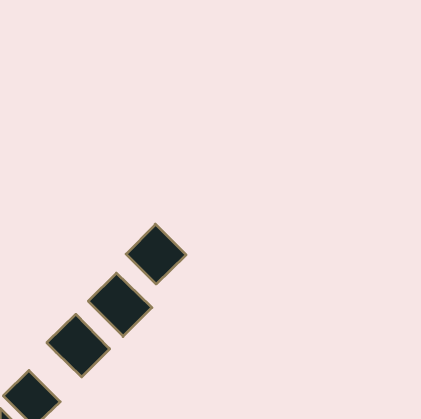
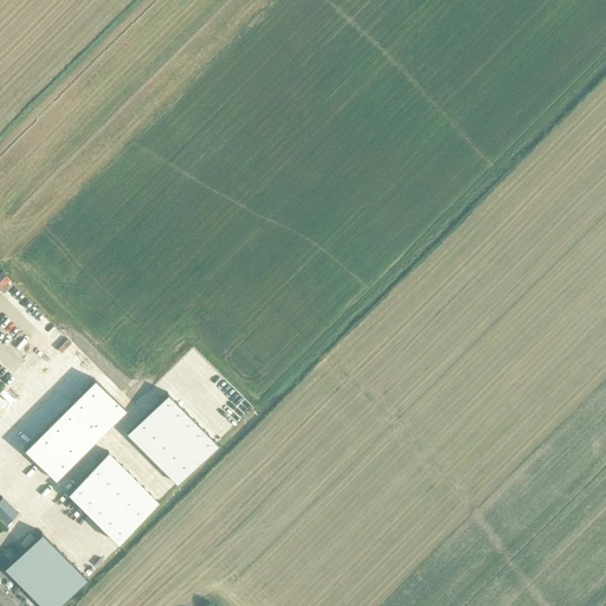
building: [126,224,186,284] -> none
building: none -> [25,381,127,483]

